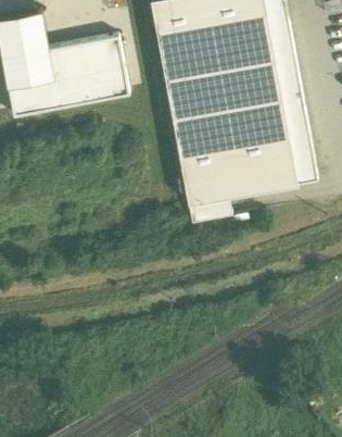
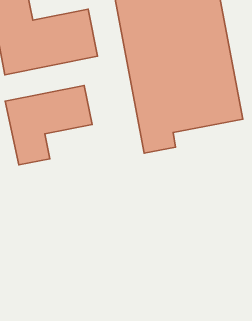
building: none -> [5,85,92,165]

